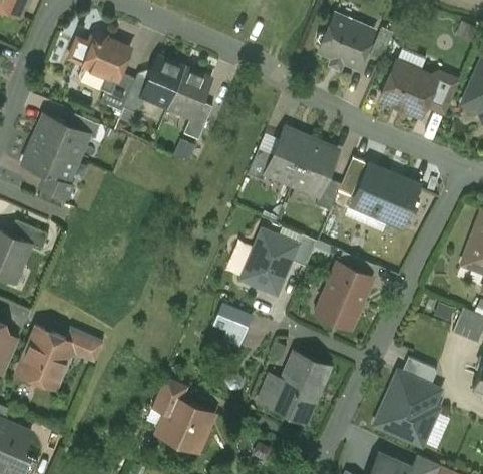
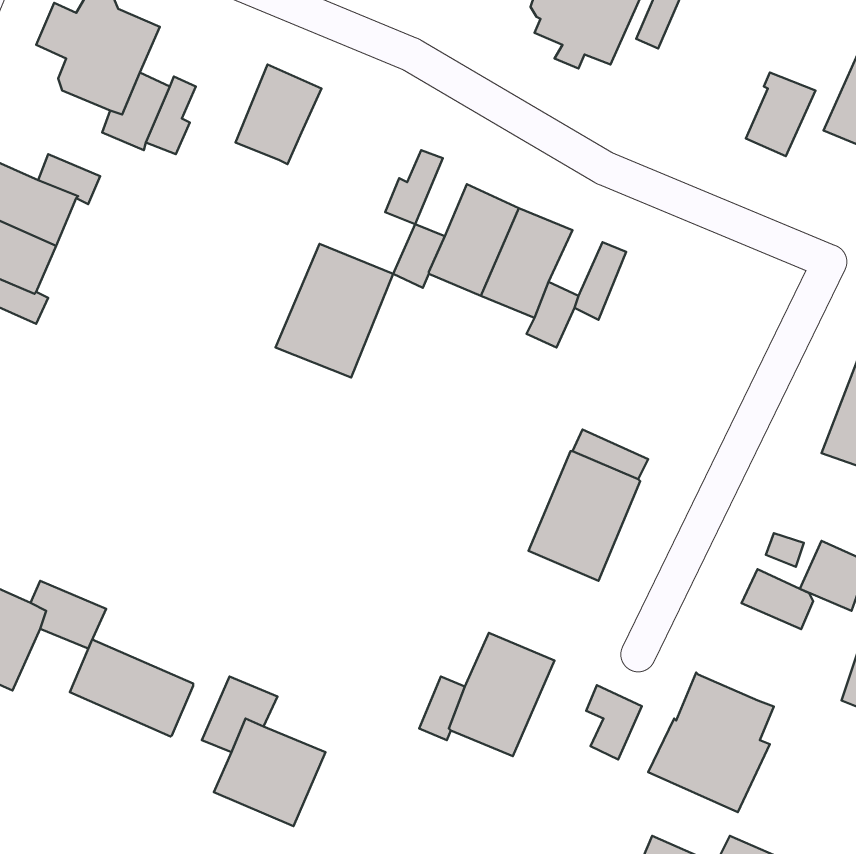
building: [140,57,183,107] -> none
building: [380,63,435,115] -> none
building: [182,102,211,139] -> [385,150,443,224]
building: [358,164,418,226] -> none
building: [238,227,298,295] -> [276,244,393,378]
building: [215,303,253,335] -> none
building: none -> [70,640,193,736]
building: [400,358,436,388] -> [742,569,813,629]
building: none -> [586,685,642,759]

